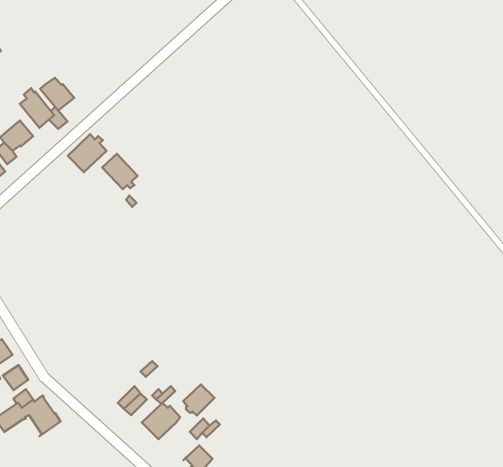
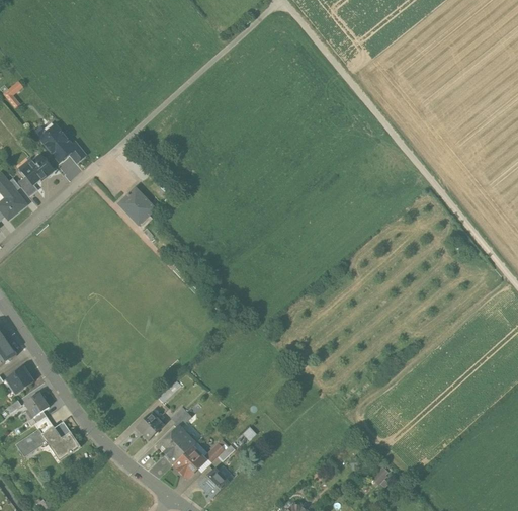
building: [40,78,74,111] -> none
building: [68,134,106,172] -> none
building: [183,384,214,416] -> [174,447,204,478]

